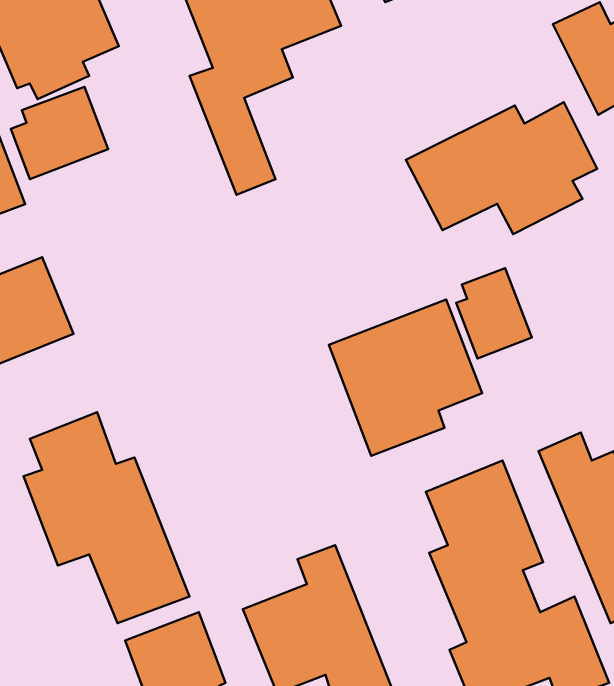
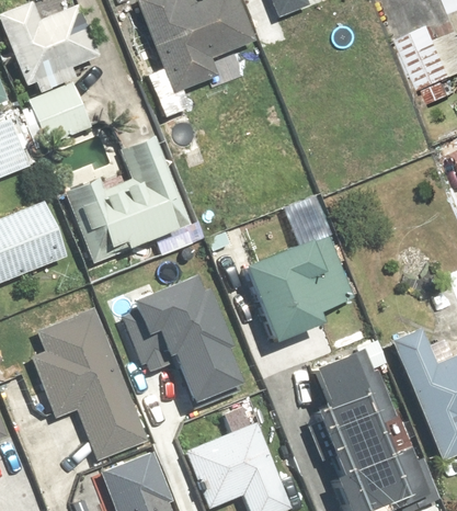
building: [406,102,597,234] -> none
building: none -> [64,136,190,263]
building: [456,268,532,358] -> none
building: none -> [122,271,253,405]

